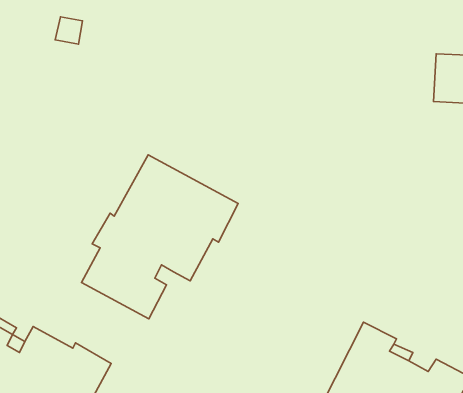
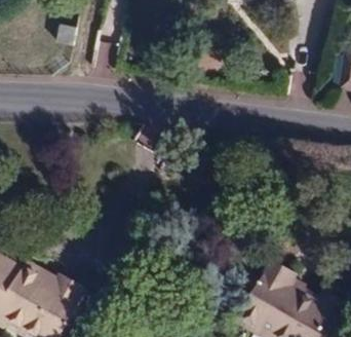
building: [82,155,238,319] -> none

